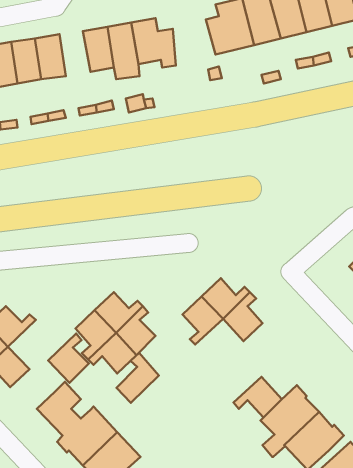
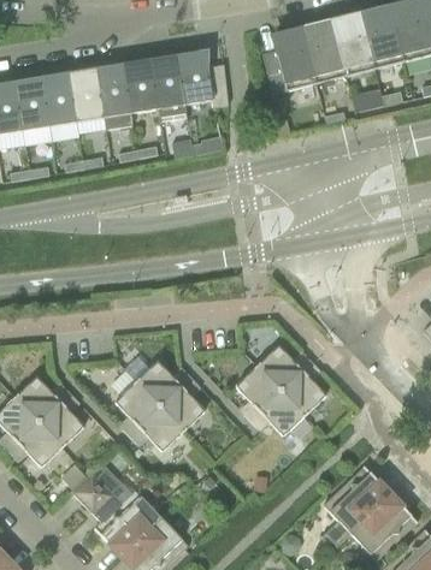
building: none -> [96,65,132,126]
building: [48,334,89,383] -> [39,390,84,445]
building: [116,353,159,403] -> none
building: [234,377,282,417] -> [249,388,303,434]

